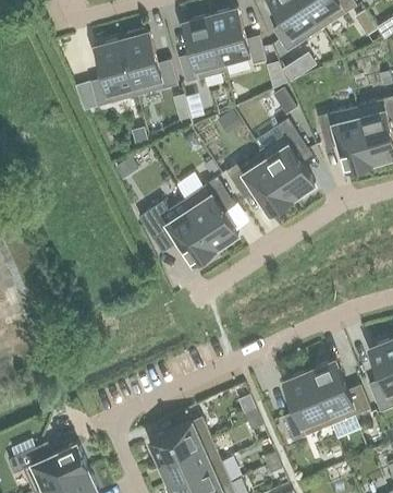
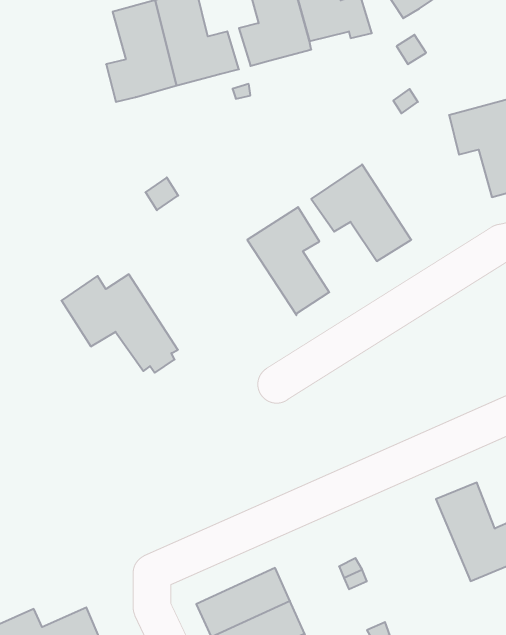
building: [255,118,315,199] -> none
building: [138,199,216,264] -> [61,274,178,373]
building: [282,371,331,441] -> none

